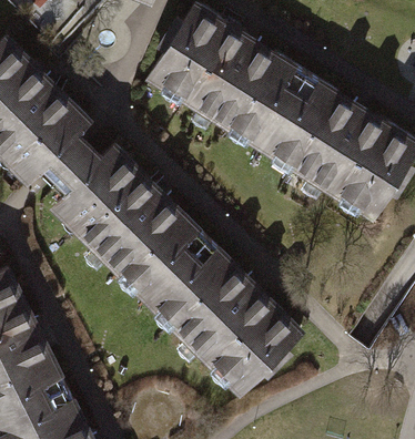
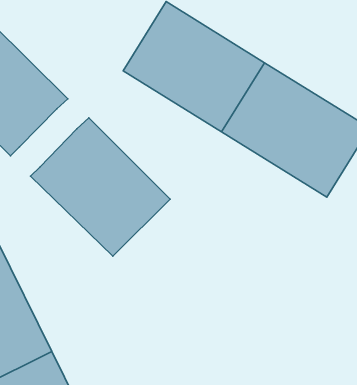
building: [37,129,100,193] -> none
building: [140,228,306,394] -> none

